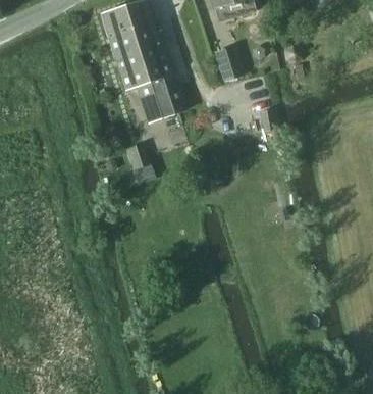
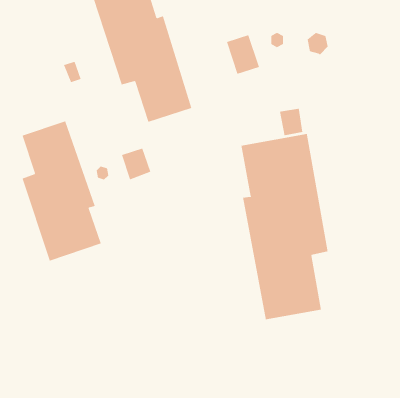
building: none -> [22,121,102,261]
building: none -> [241,133,328,320]

